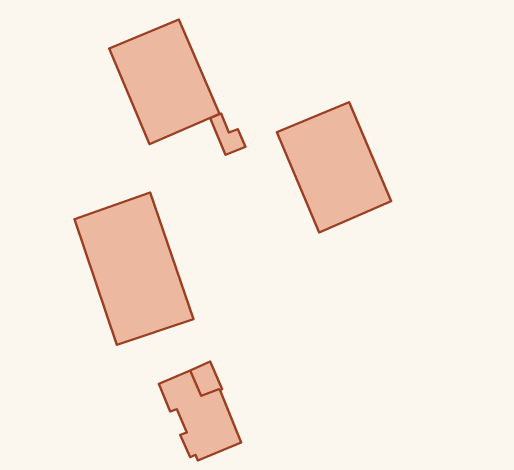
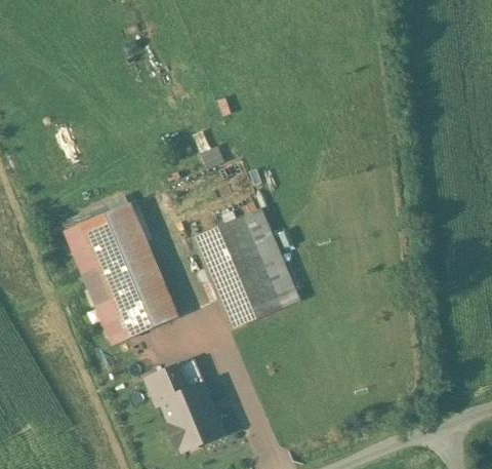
building: [109,20,219,144] -> none
building: [277,102,391,232] -> [194,208,299,328]

